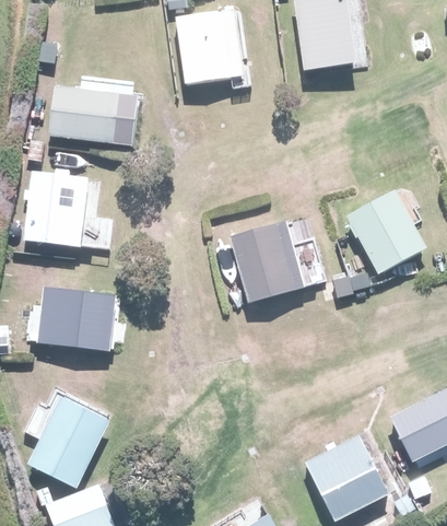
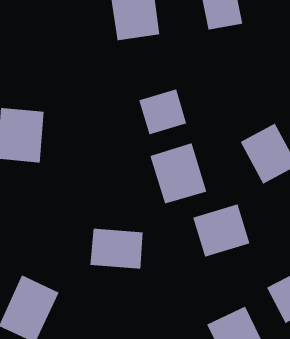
building: [47,84,139,144] -> none
building: none -> [139,89,187,135]
building: [40,291,113,346] -> [89,228,144,269]
building: none -> [193,204,250,257]

